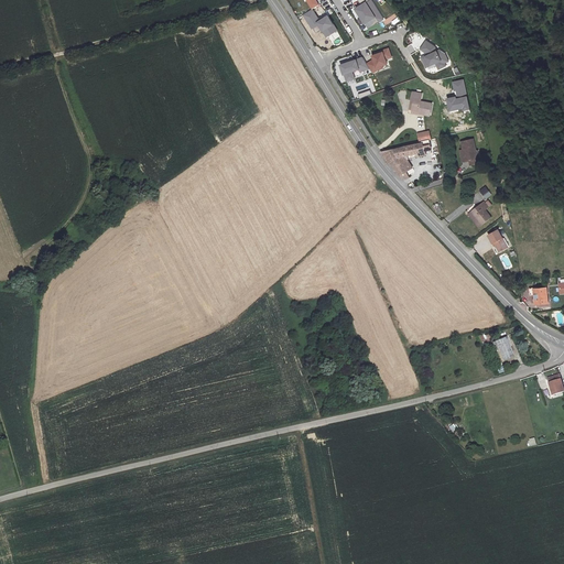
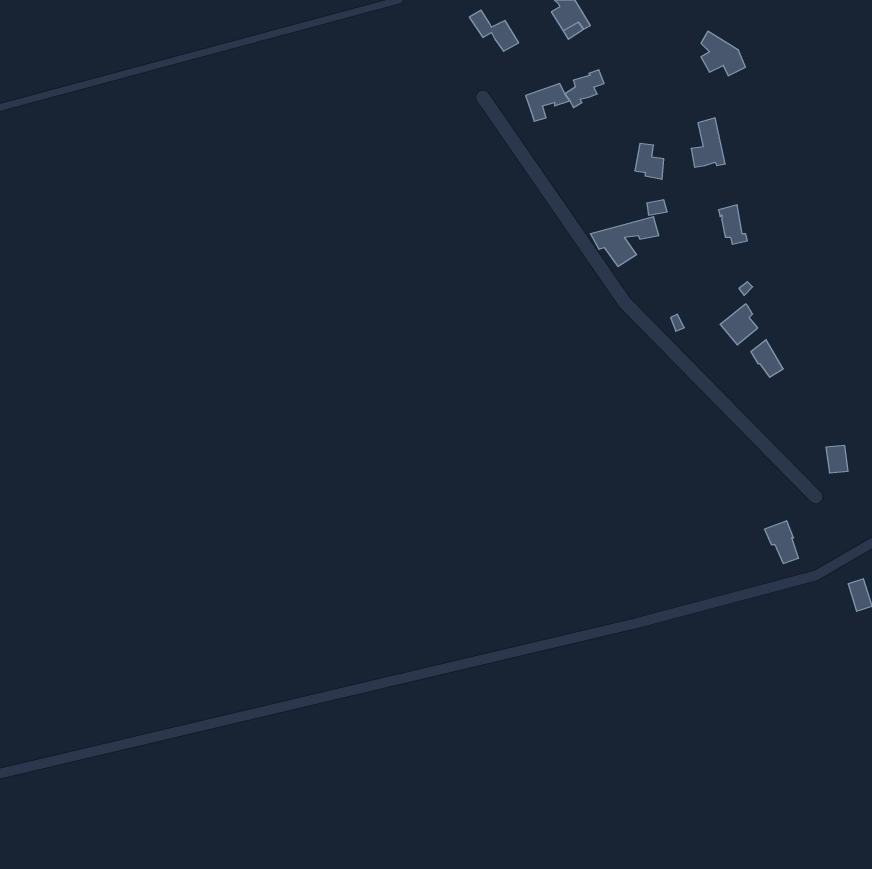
building: [421,43,449,72] -> [701,31,745,76]

